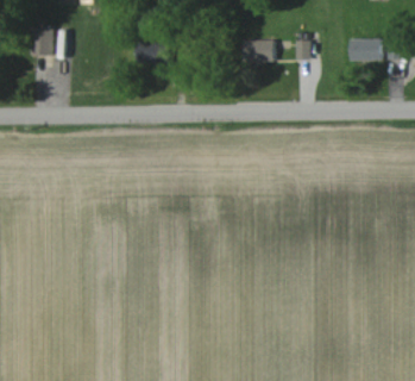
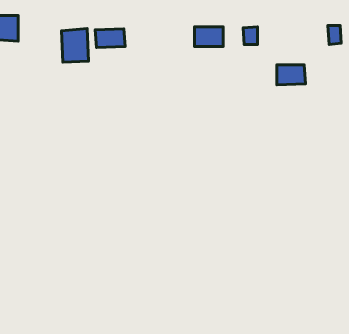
building: [350,39,381,61] -> [277,65,305,85]
building: none -> [61,29,88,62]

